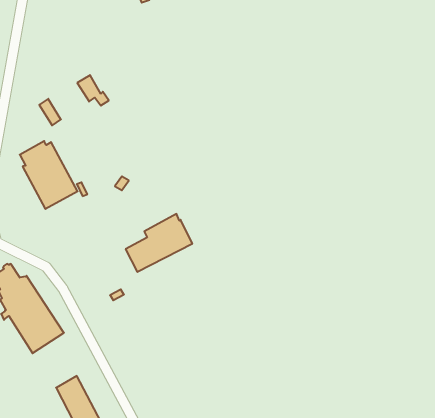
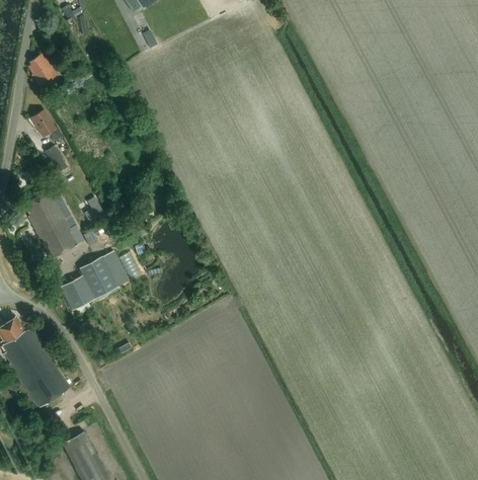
building: none -> [27,53,57,87]
building: [77,75,109,106] -> [30,109,63,141]
building: [126,214,192,272] -> [60,251,129,311]

